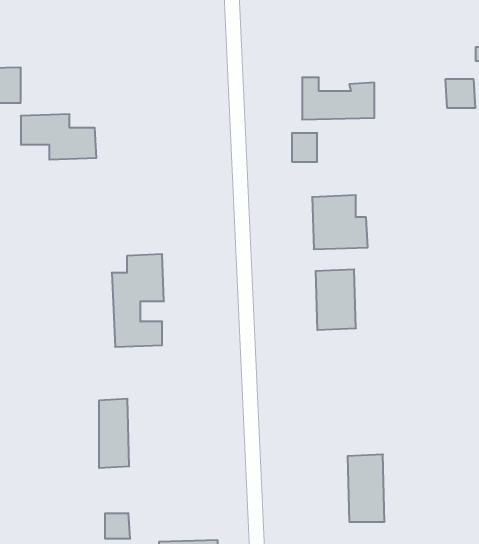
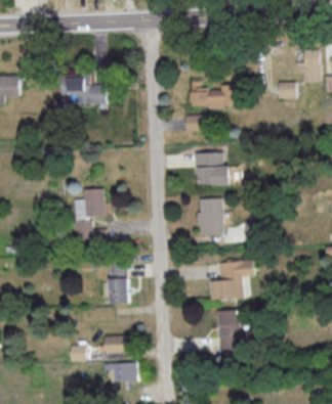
building: [21,114,96,160] -> [59,77,106,104]
building: none -> [211,261,253,300]
building: [99,399,129,468] -> [109,262,127,304]
building: none -> [105,335,128,355]

